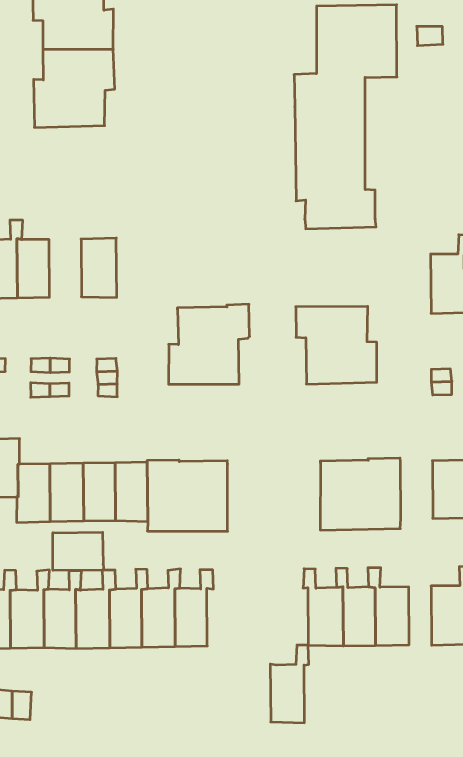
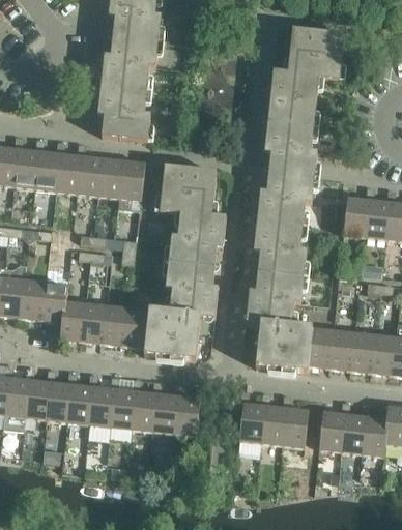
building: none -> [97,85,150,141]
building: none -> [256,171,314,226]
building: none -> [160,165,216,215]
building: none -> [97,158,122,198]
building: none -> [246,271,303,325]
building: none -> [165,261,217,318]
building: none -> [308,328,333,367]
building: [53,532,104,570] -> none
building: [270,645,309,723] -> [173,385,203,436]

